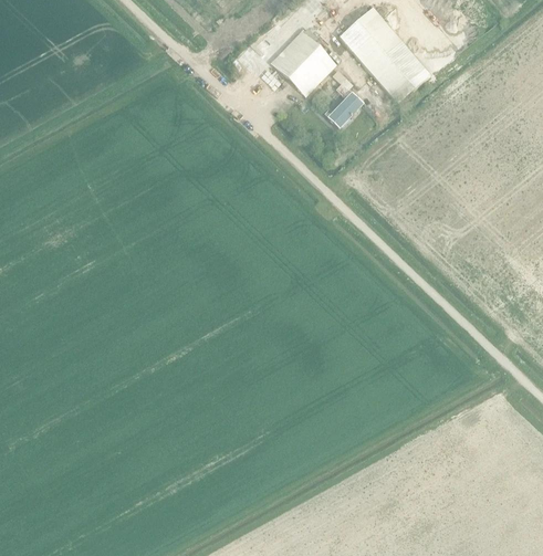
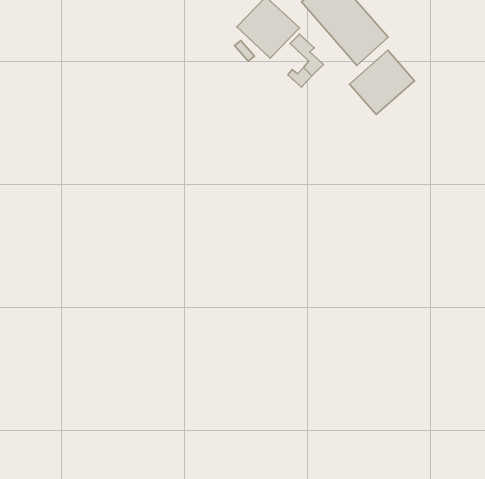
building: none -> [350,50,414,115]

